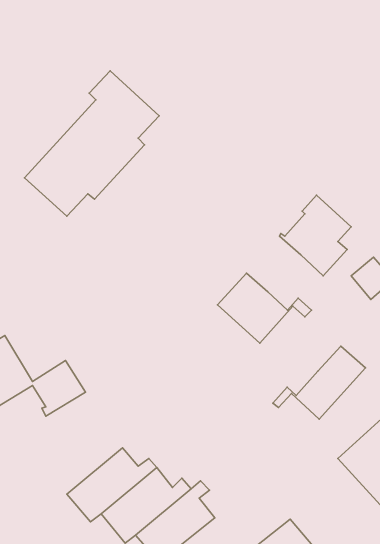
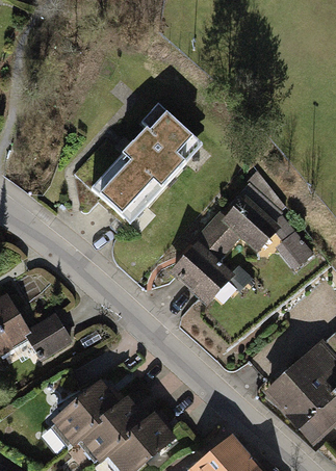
building: [24,71,159,216] -> [92,104,198,218]
building: none -> [198,217,240,261]
building: [273,346,365,419] -> none

